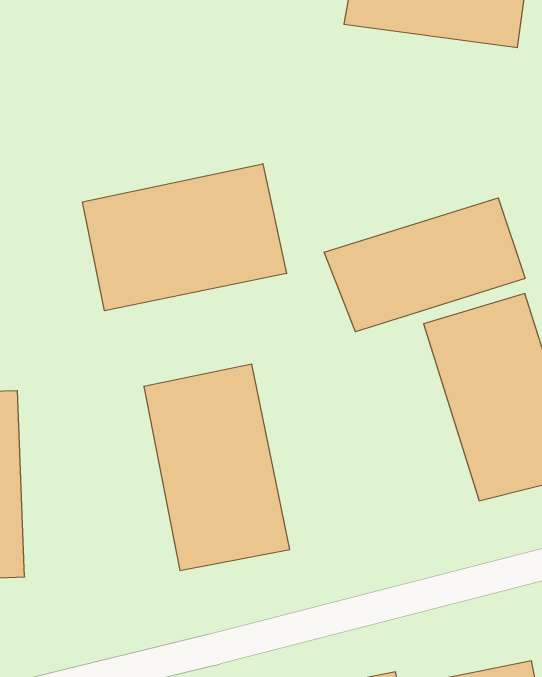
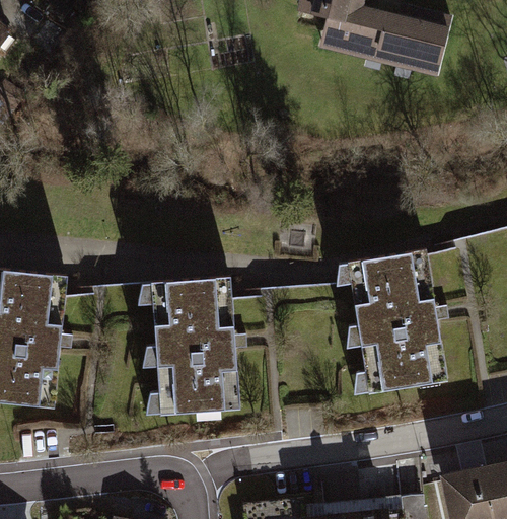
building: [83,164,287,311] -> none
building: [324,198,525,332] -> none

